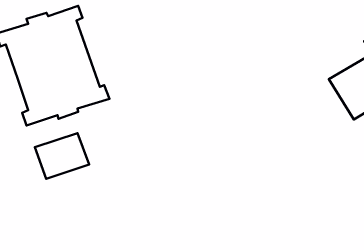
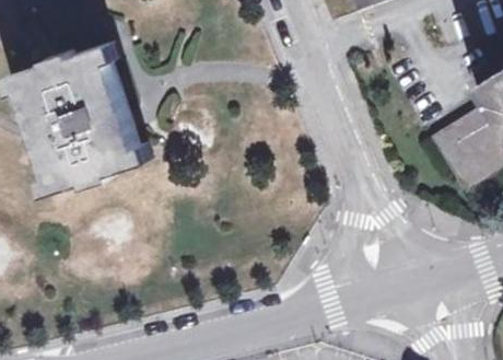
building: [35,133,89,179] -> none

